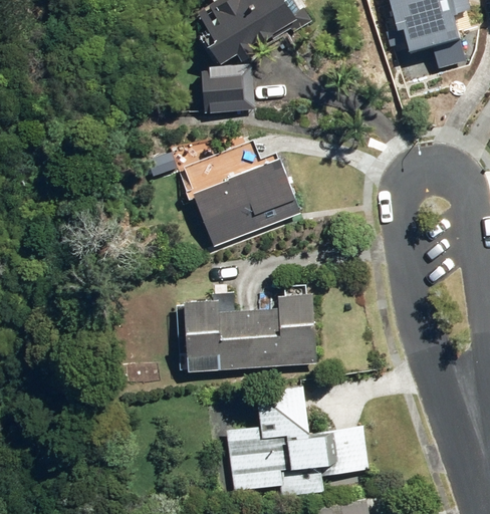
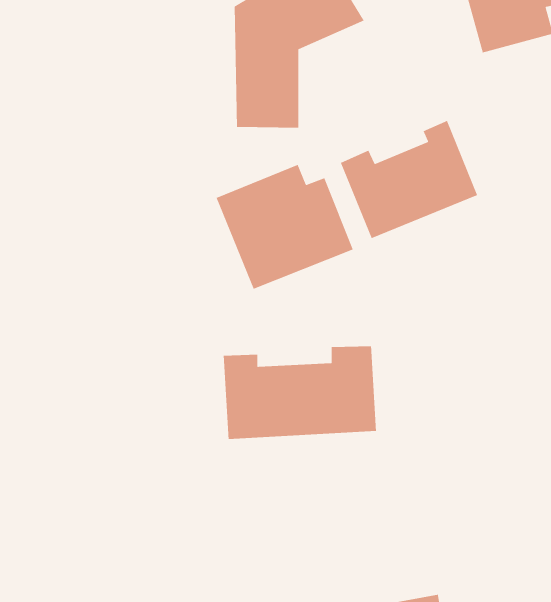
building: none -> [340,120,478,239]
building: [225,384,366,489] -> none

